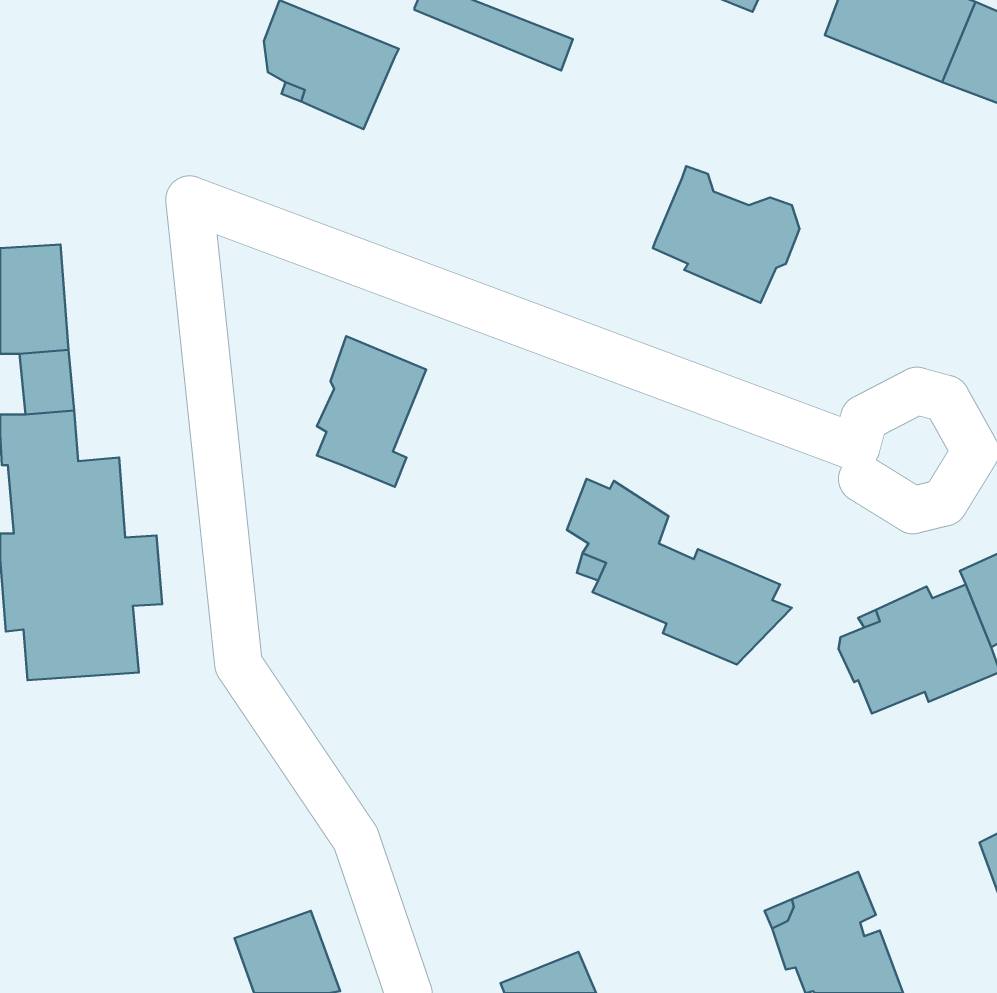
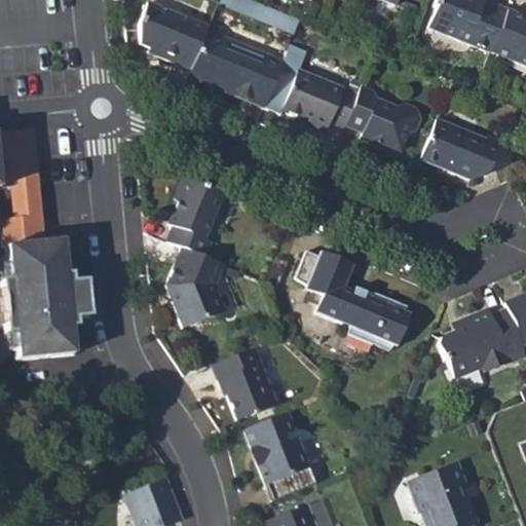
building: none -> [190,30,286,101]
building: none -> [281,68,360,133]
building: none -> [421,117,518,180]
building: none -> [166,245,227,326]
building: none -> [213,346,277,416]
building: none -> [246,411,315,499]

